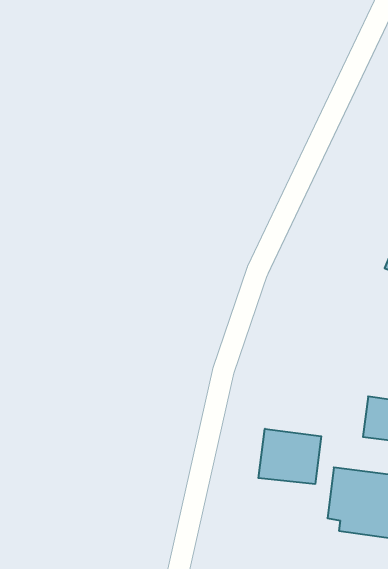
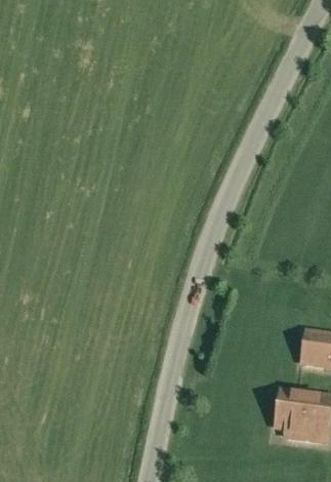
building: [258,429,321,484] -> none

